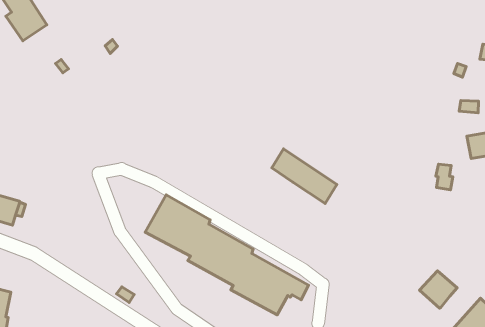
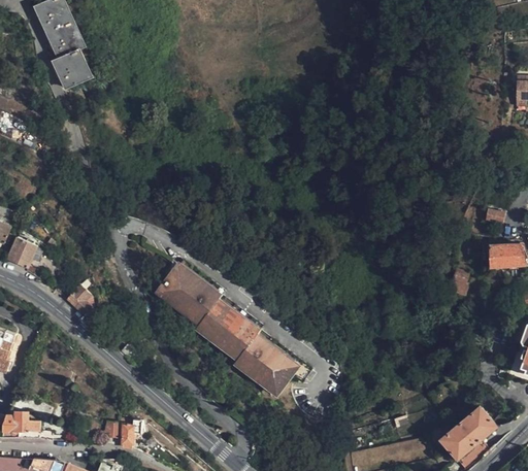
building: [272,149,337,203] -> none
building: none -> [65,284,93,316]
building: [419,271,457,308] -> none

